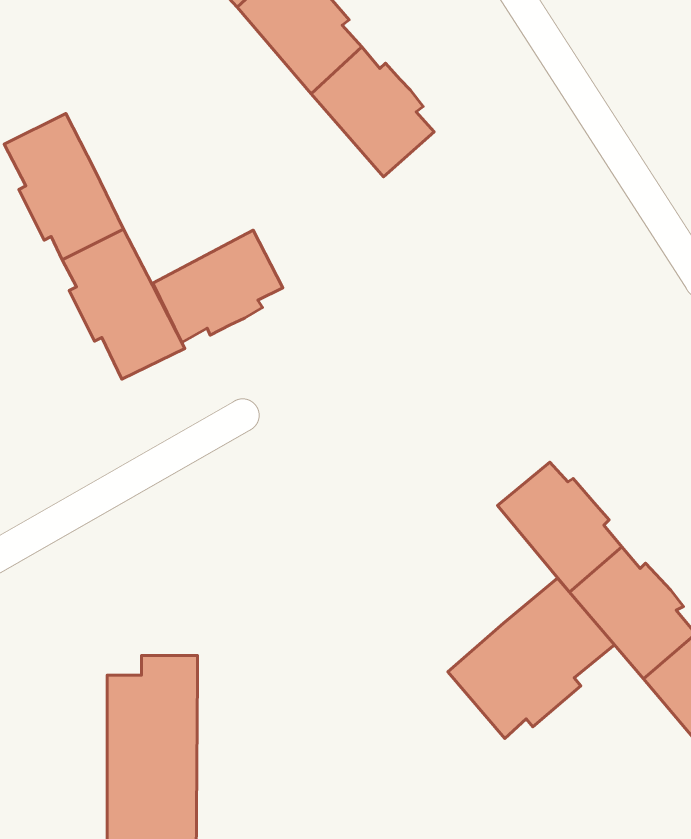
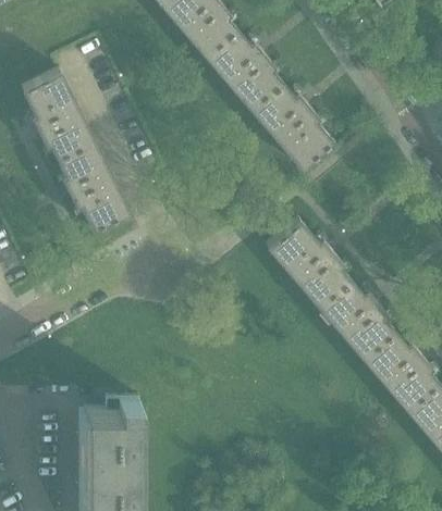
building: none -> [249,80,332,167]
building: [153,230,283,342] -> none
building: none -> [266,219,349,306]
building: [448,578,614,738] -> none

